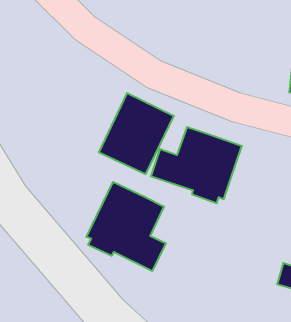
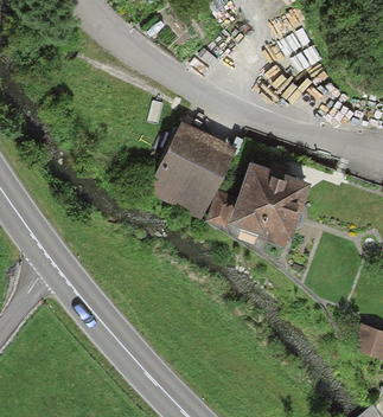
building: [86,182,166,271] -> none

